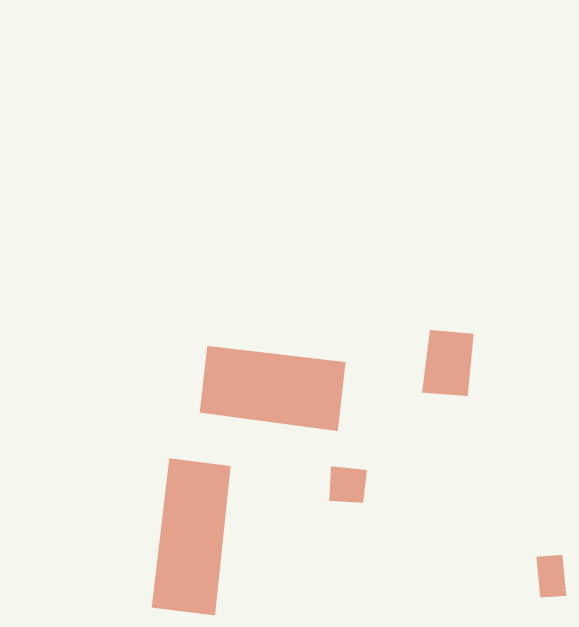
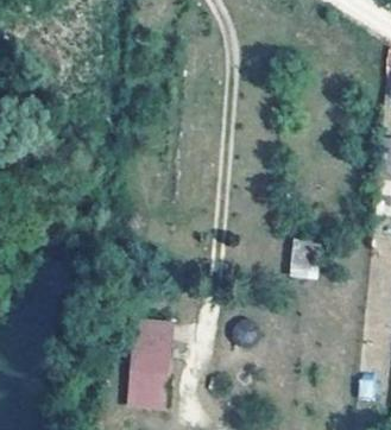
building: [199,345,346,432] -> none

